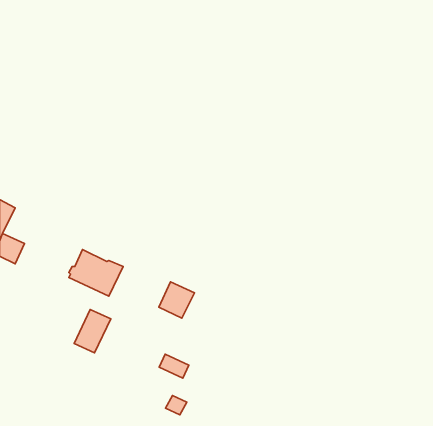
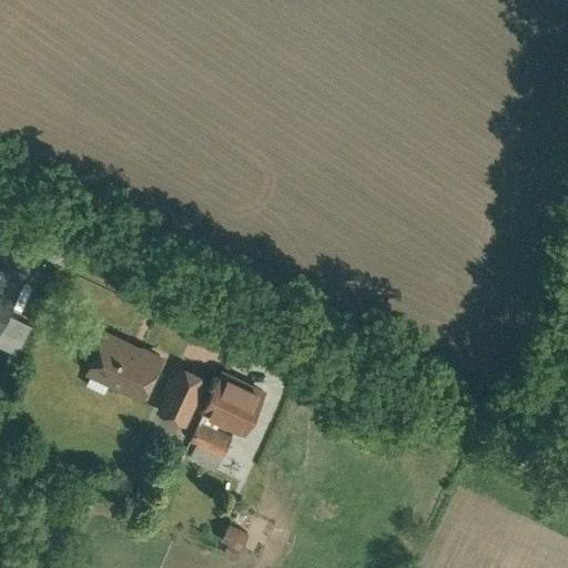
building: [74,309,111,353] -> [160,368,207,425]
building: [159,354,189,378] -> [193,426,232,457]

